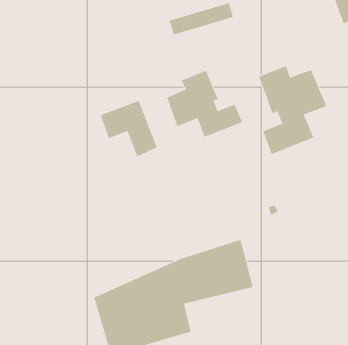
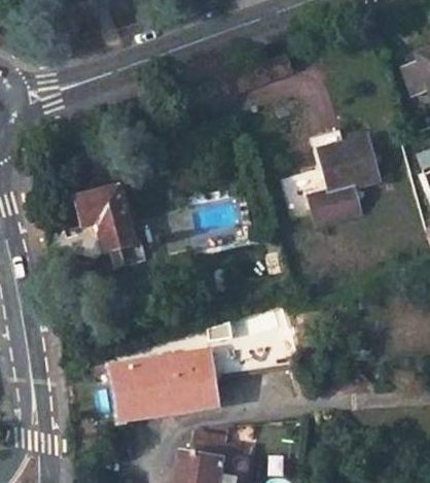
building: [166,70,243,137] -> none
building: [100,100,158,157] -> [73,191,133,252]

